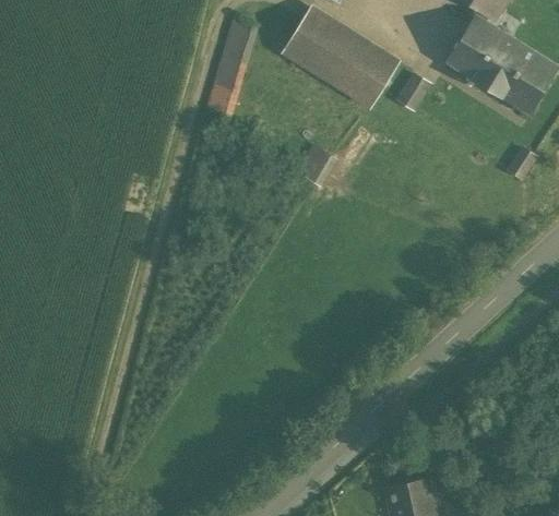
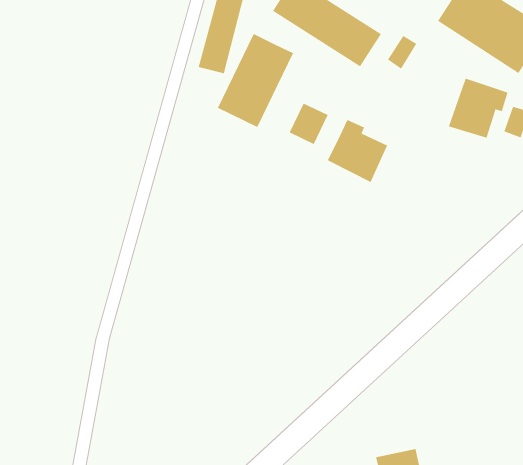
building: none -> [217,33,294,128]
building: none -> [448,78,508,138]
building: none -> [327,119,388,183]

